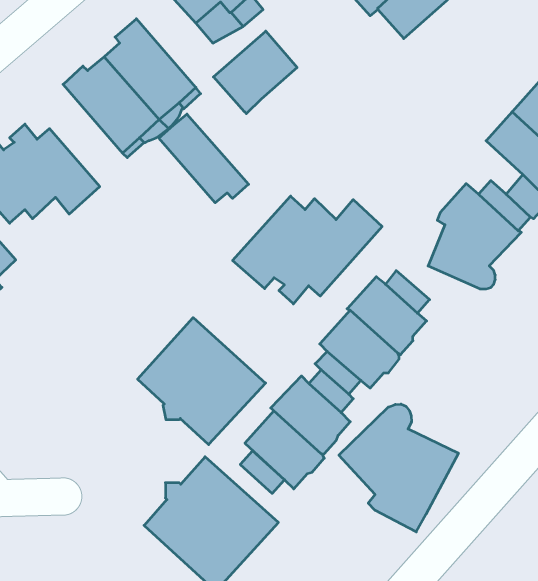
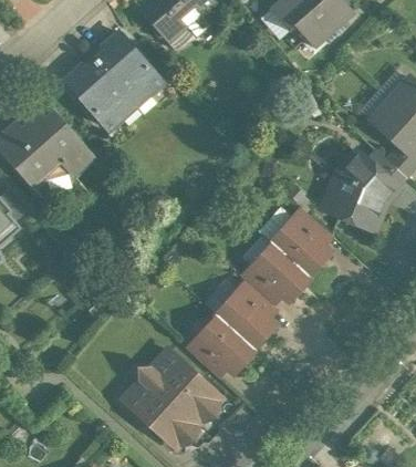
building: [213,31,297,114] -> none
building: [159,114,249,203] -> none
building: [233,196,382,304] -> none
building: [138,318,266,445] -> none
building: [339,404,458,532] -> none

